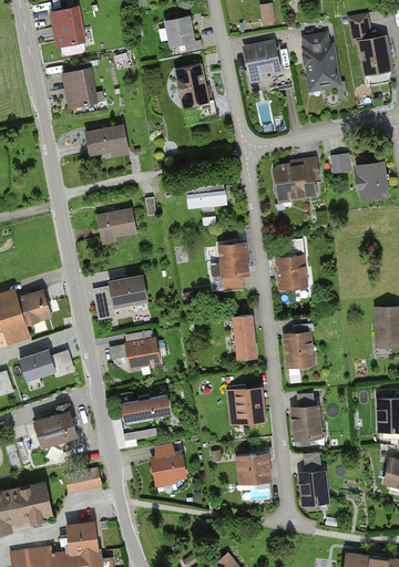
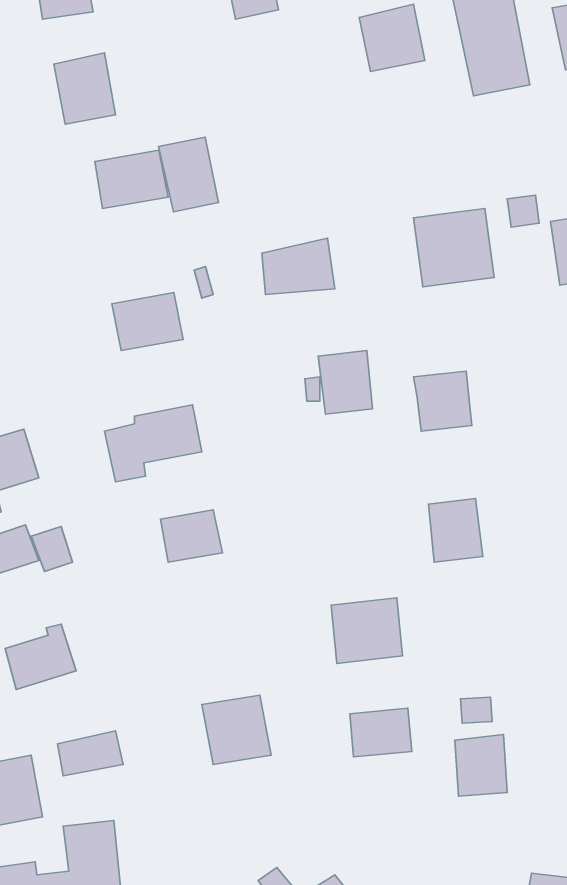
building: [173,63,208,107] -> [158,137,218,212]
building: [232,315,258,361] -> none
building: [121,393,172,423] -> none
building: [290,404,323,442] -> none

